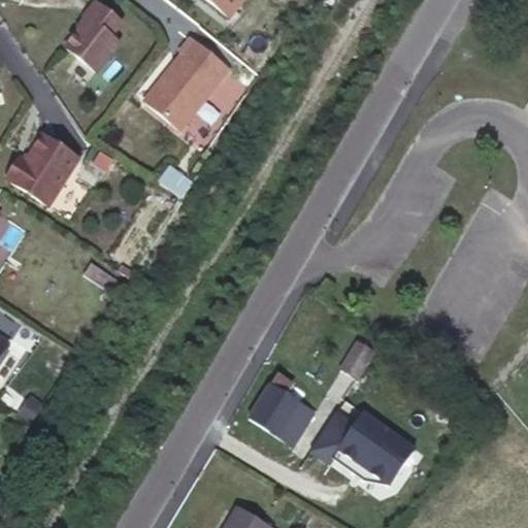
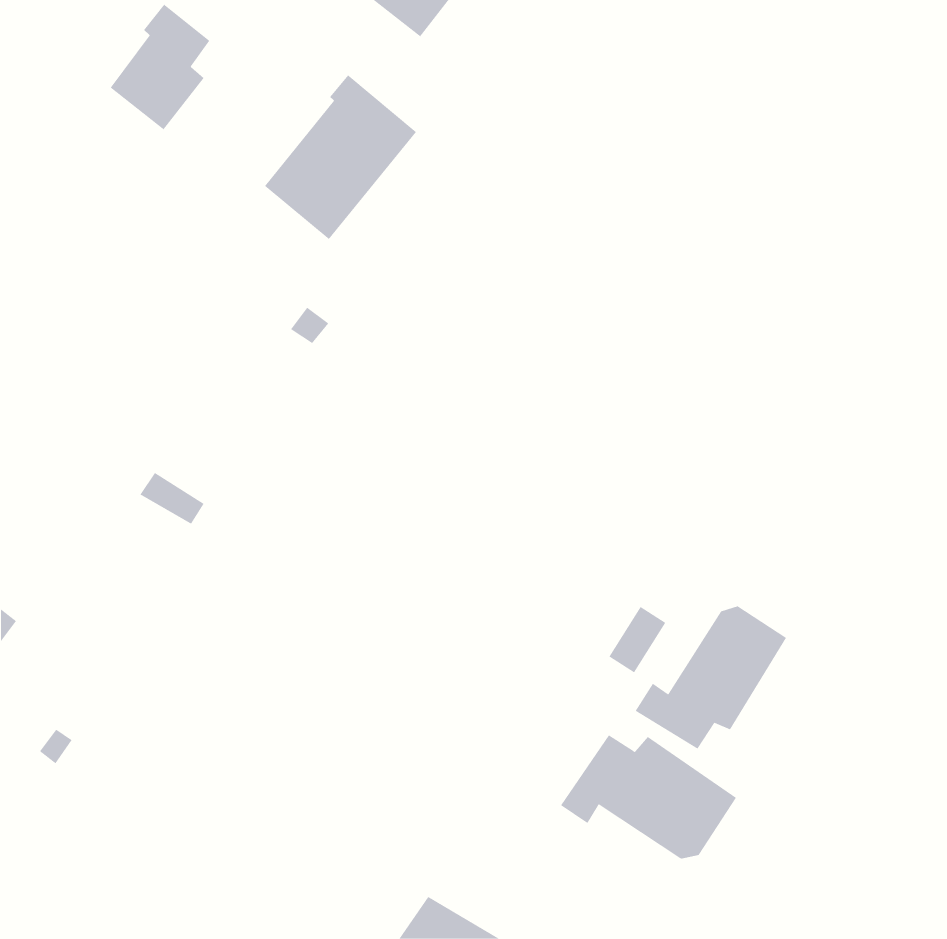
building: [9,136,82,208] -> none
building: none -> [635,605,787,750]
building: [246,368,306,443] -> none

